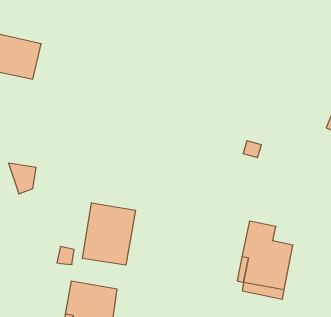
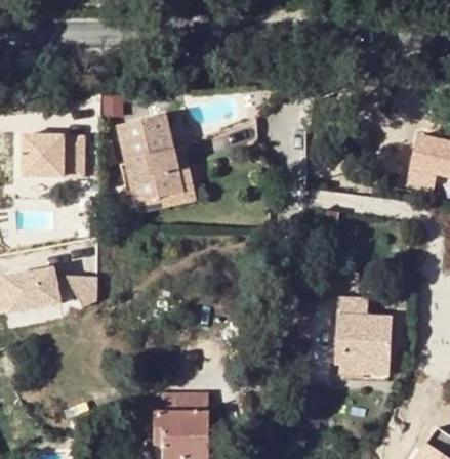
building: none -> [120,114,190,201]
building: [83,203,135,265] -> none

